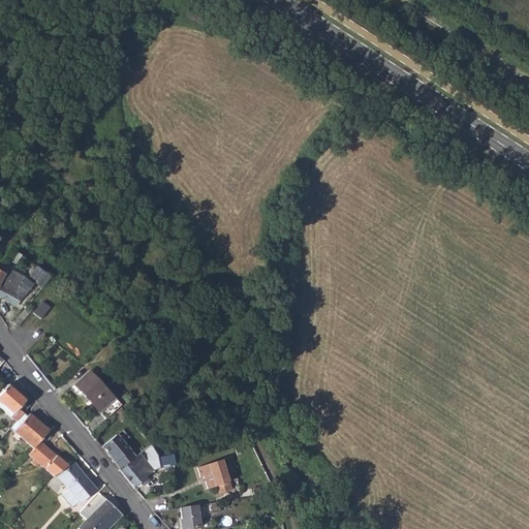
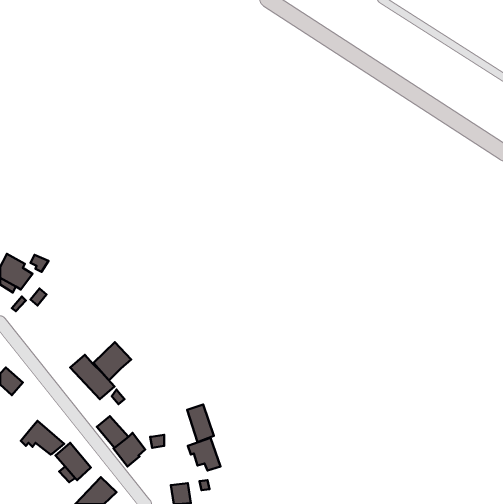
building: none -> [93,342,131,380]
building: [11,411,50,447] -> none
building: none -> [187,404,214,442]

